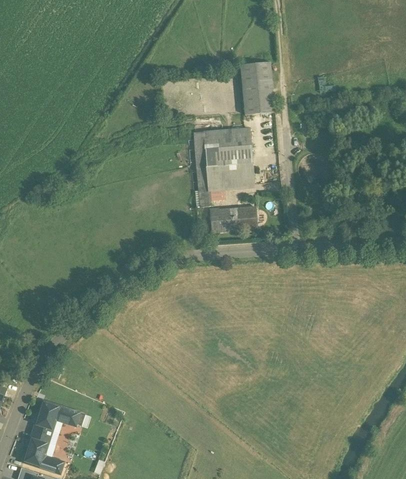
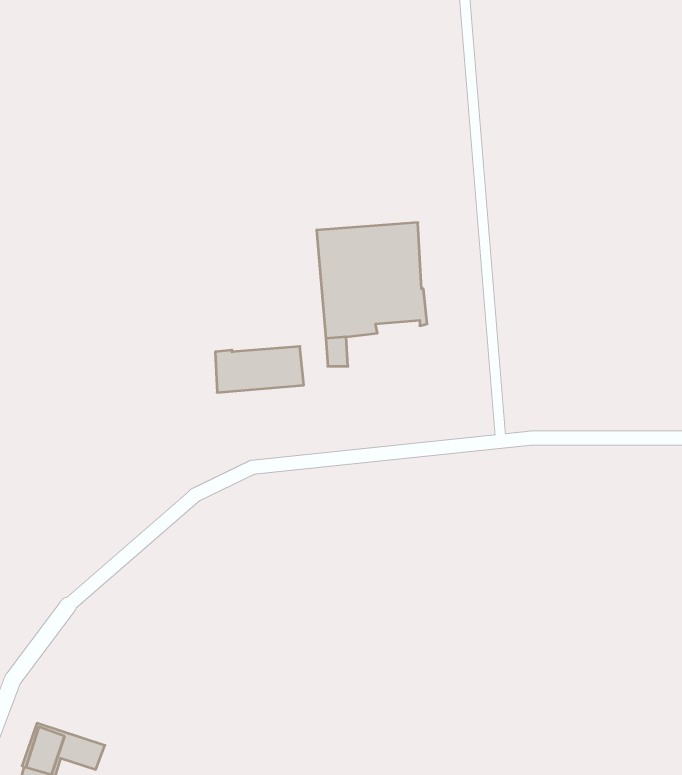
building: [239,62,274,114] -> none
building: [209,207,257,232] -> [215,346,304,392]

